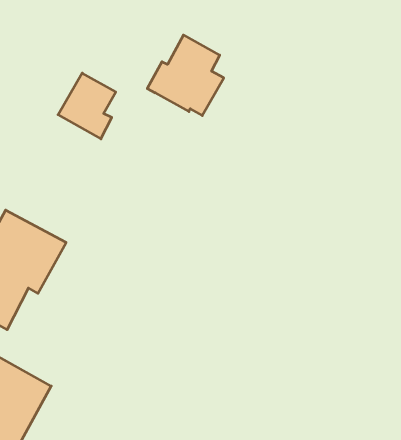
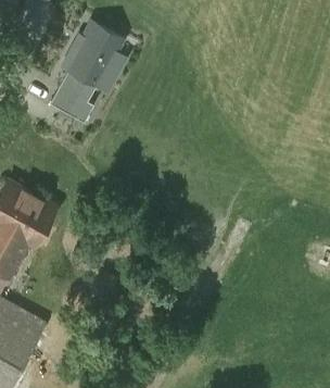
building: [147,35,224,116] -> [64,22,126,87]

